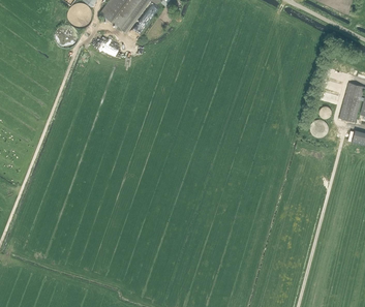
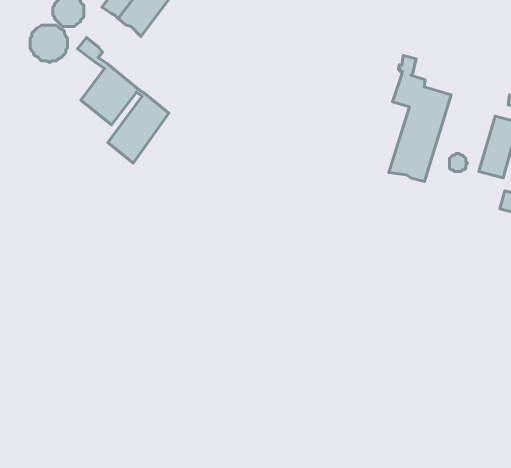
building: none -> [78,38,169,163]
building: none -> [389,56,451,181]

